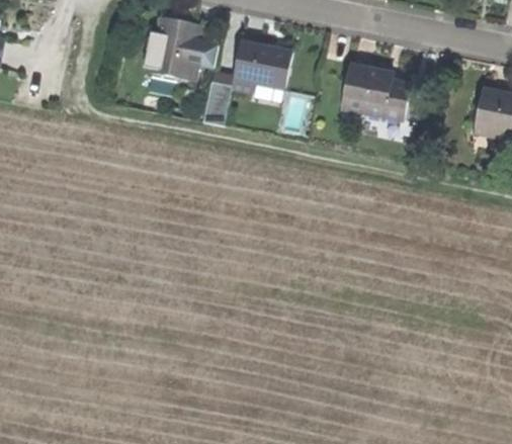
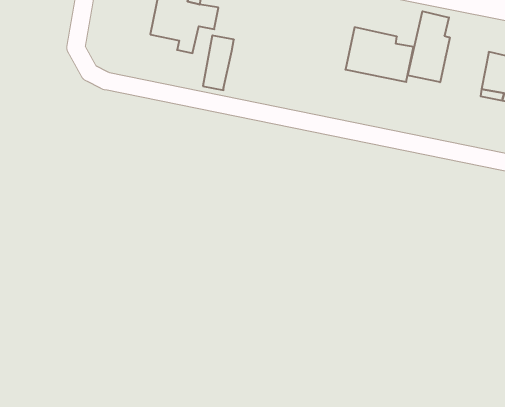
building: [232,40,291,89] -> none
building: none -> [408,11,450,82]

